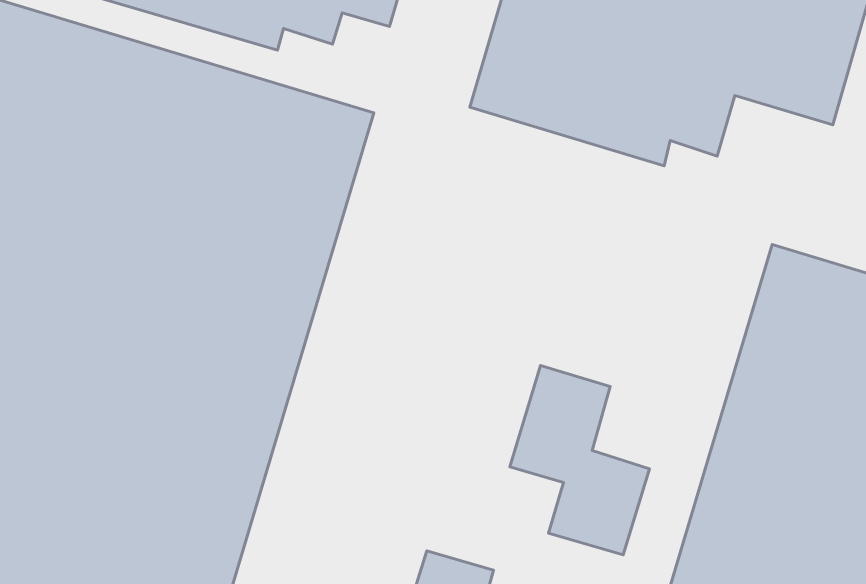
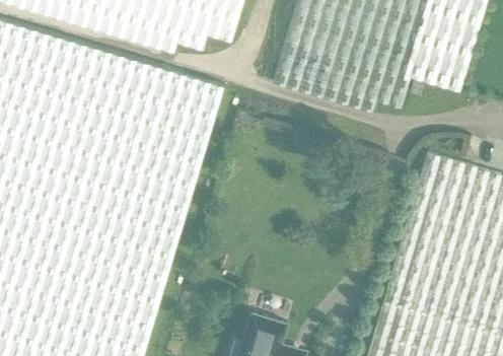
building: [510,366,649,555] -> none

